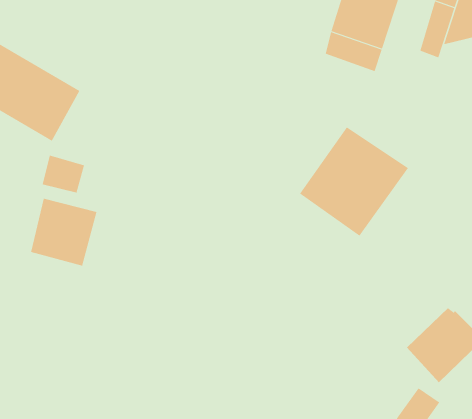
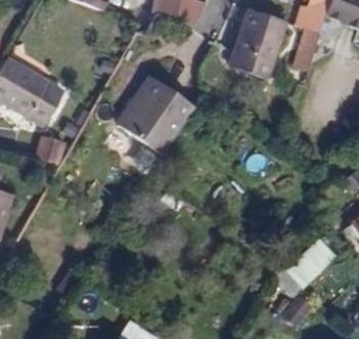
building: [299,127,409,236] -> [125,79,200,155]
building: [31,198,97,267] -> none

